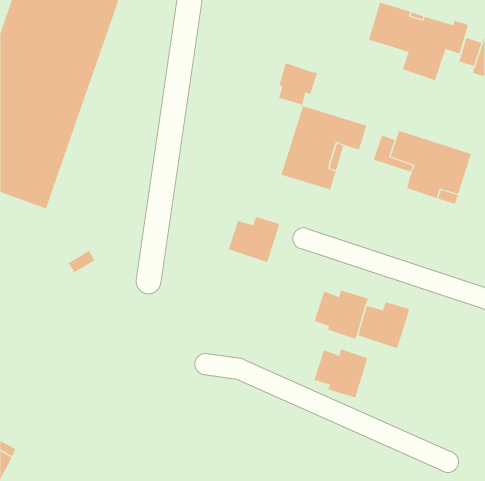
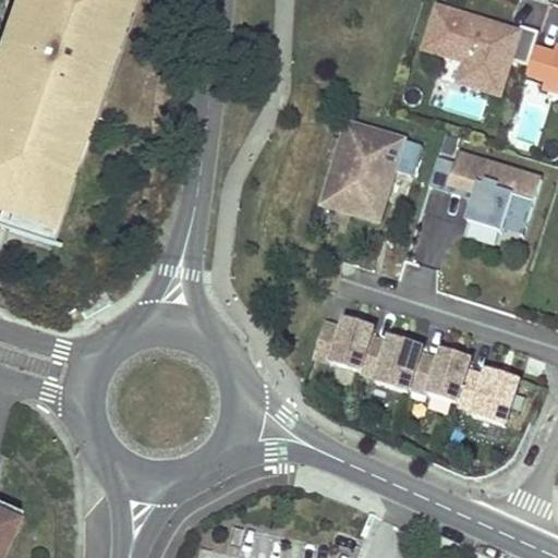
building: [278,63,318,106] -> none
building: [228,216,280,263] -> [314,315,374,368]
building: [314,349,368,398] -> [456,365,518,422]

